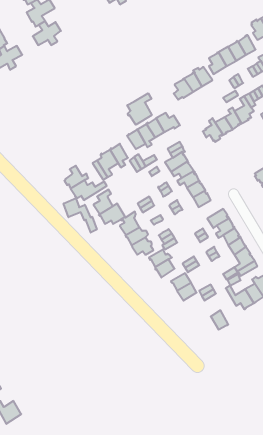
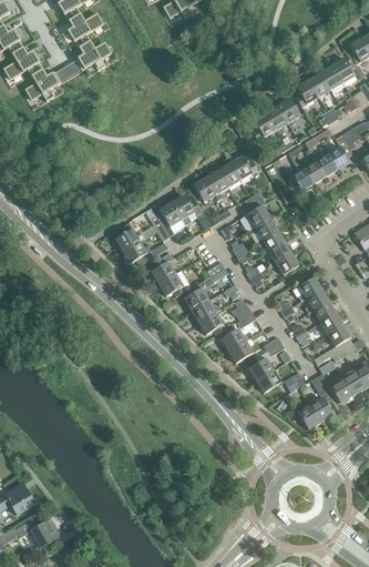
building: [127,93,152,125] -> none
building: [64,198,97,233] -> none
building: none -> [310,376,332,422]

